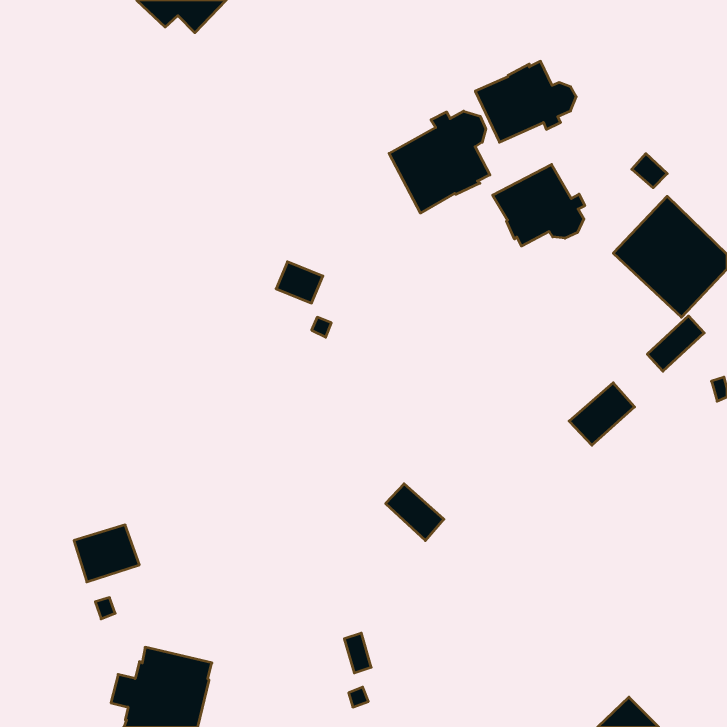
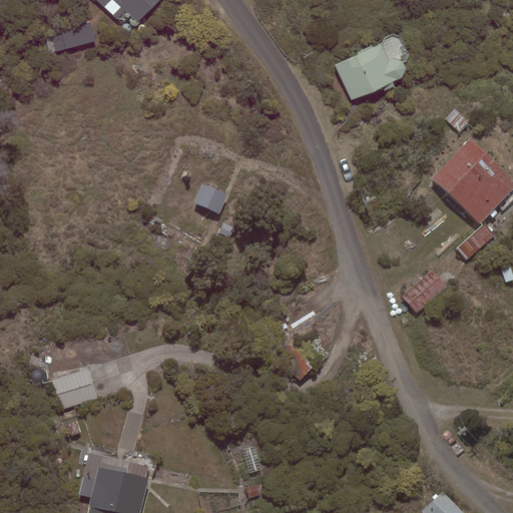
building: none -> [46,22,95,53]
building: [389,111,490,213] -> none
building: [493,164,585,246] -> none

